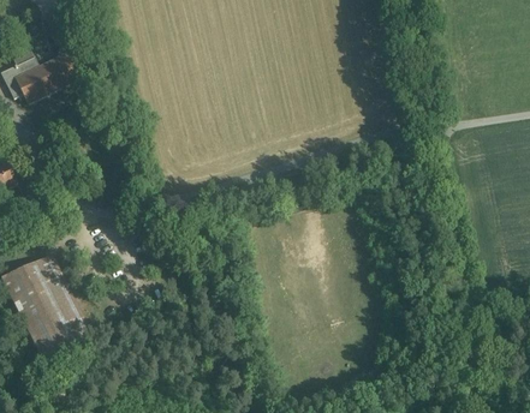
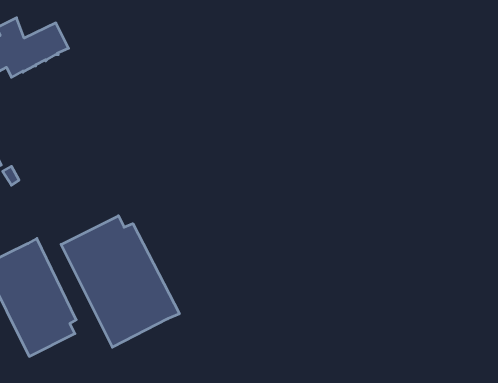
building: none -> [61,216,179,347]

